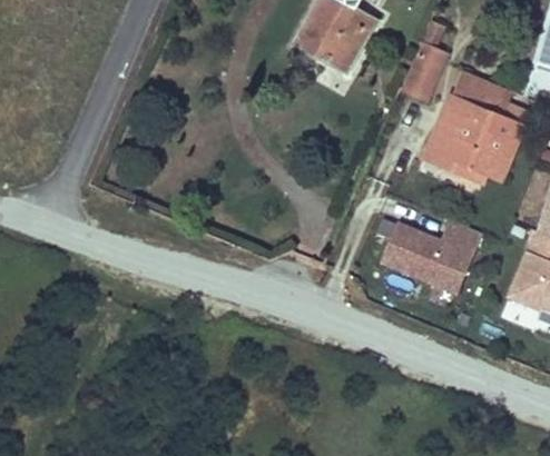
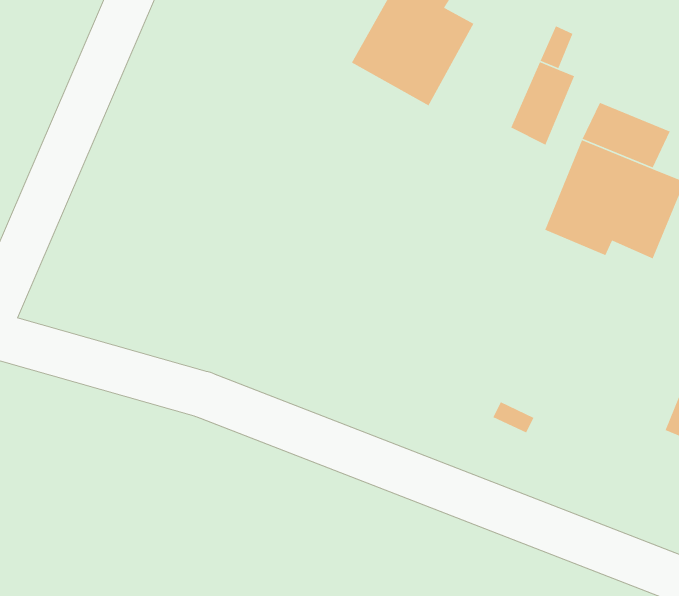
building: [382,220,482,293] -> none

